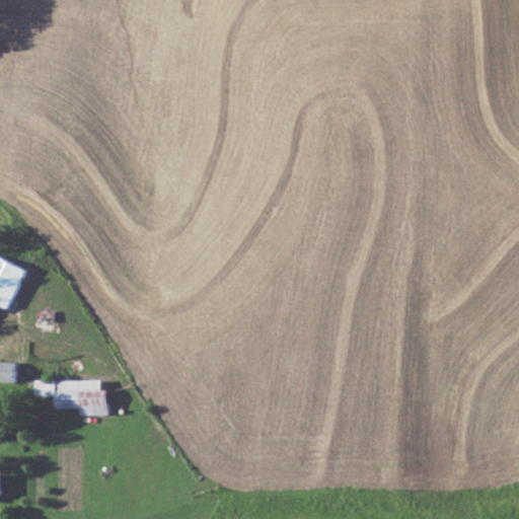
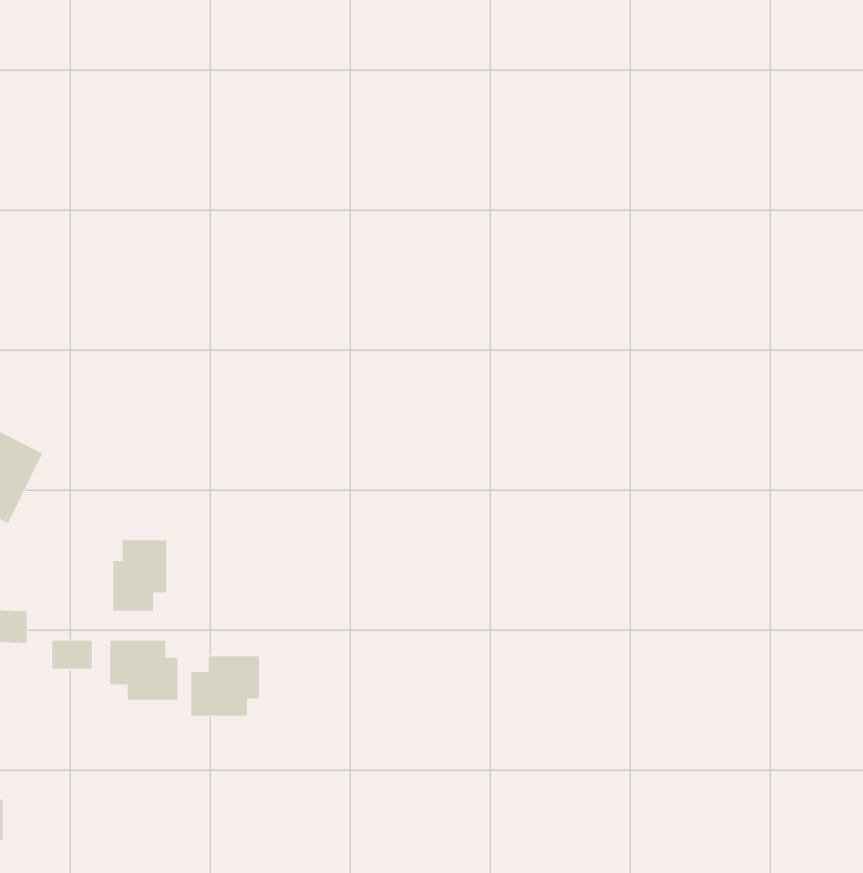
building: none -> [113,540,167,612]
building: none -> [191,656,260,717]

